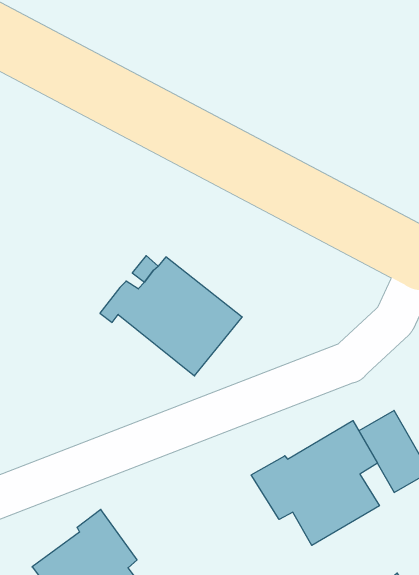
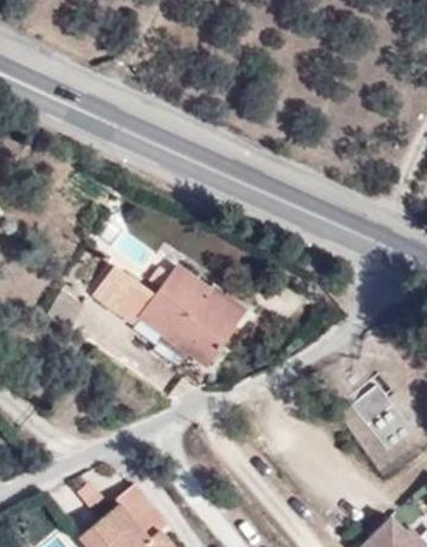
building: none -> [94,266,143,315]
building: [251,421,379,545] -> none

